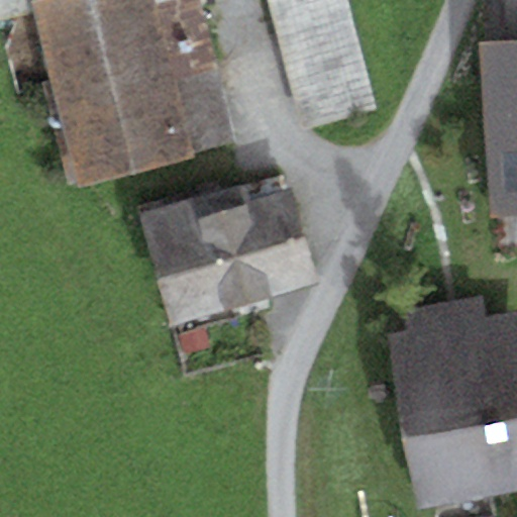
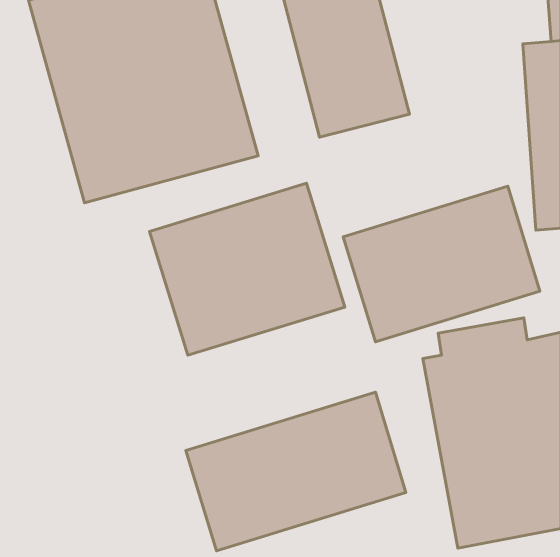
building: none -> [343,186,540,342]
building: none -> [186,392,406,551]

